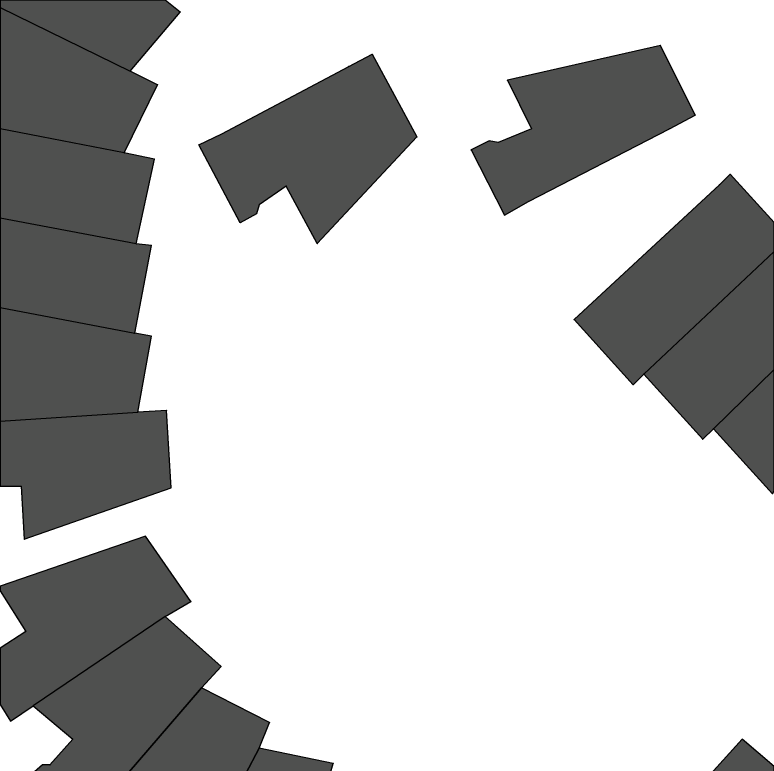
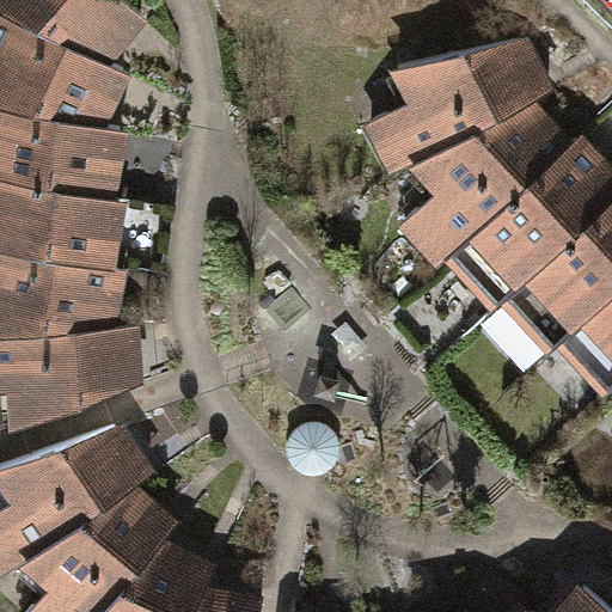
building: [199,54,417,244] -> none
building: none -> [405,104,568,263]

